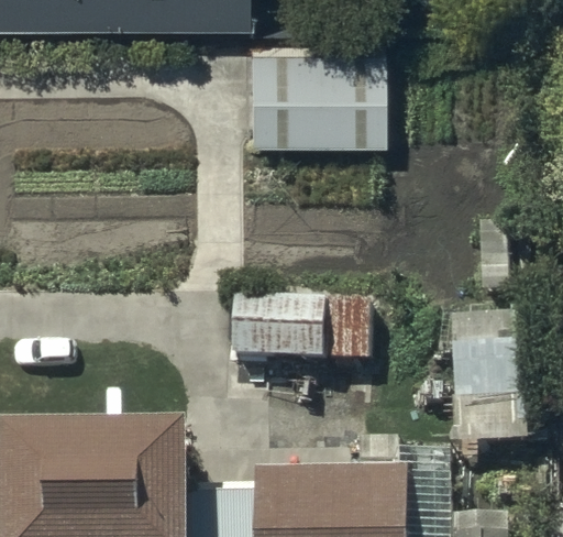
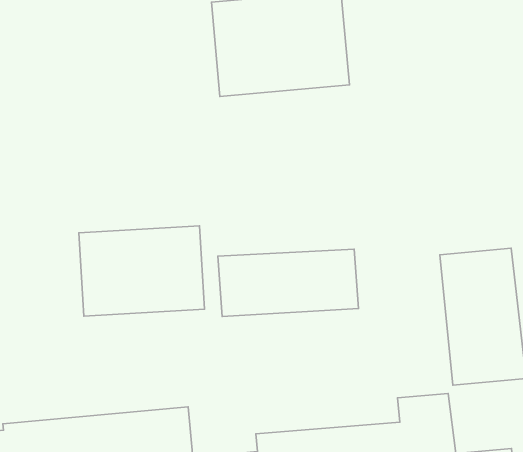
building: none -> [79,226,205,316]

